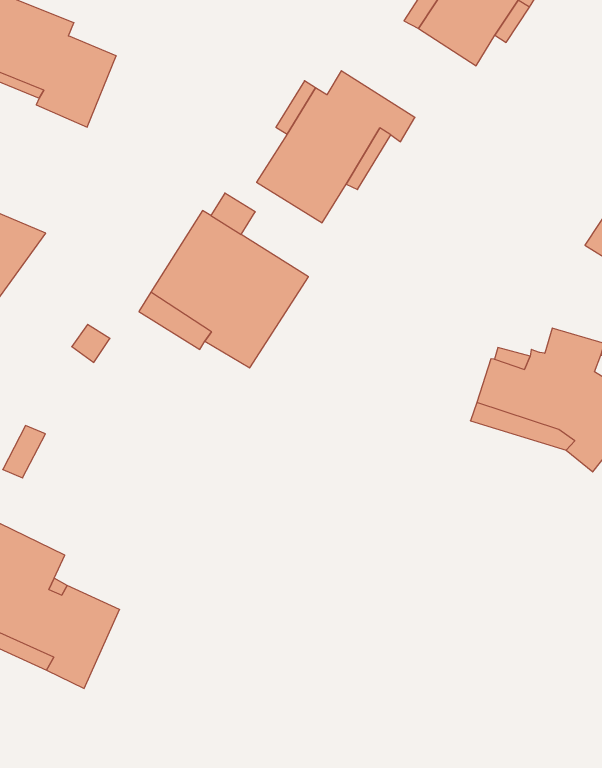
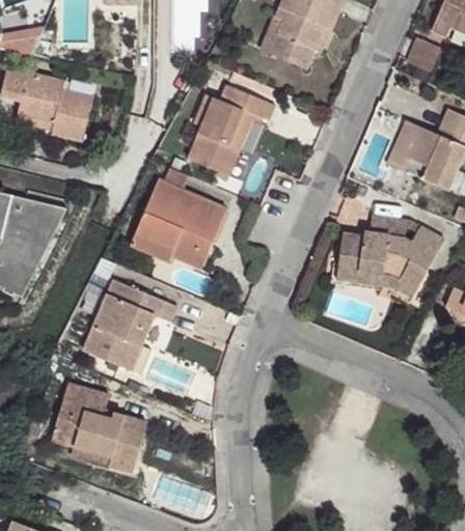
building: none -> [83,279,176,373]

